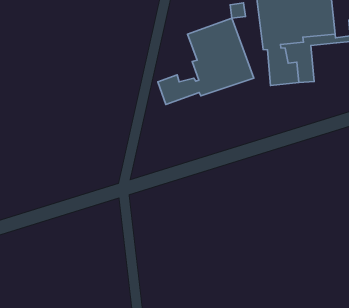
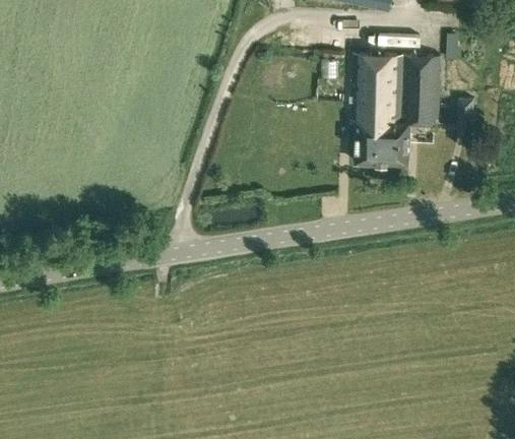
building: [158,18,254,105] -> none

